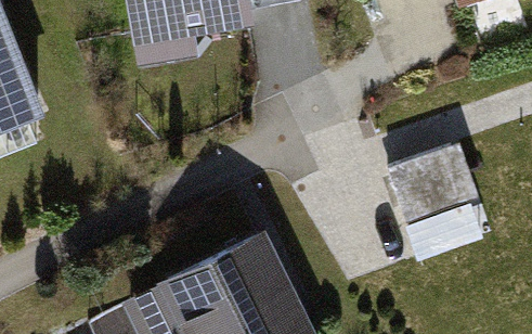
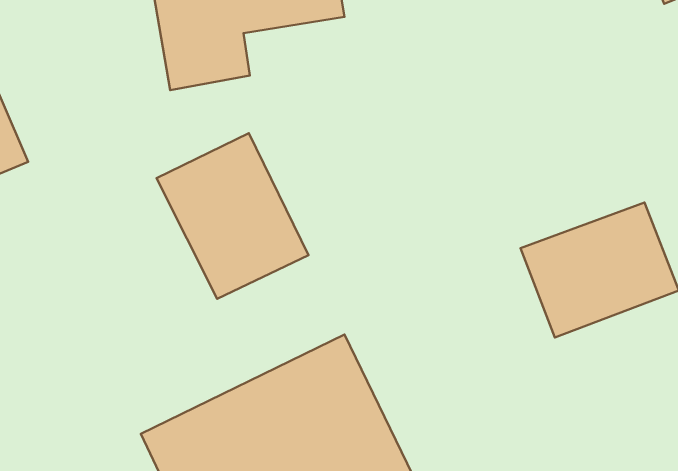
building: none -> [156,133,309,299]

